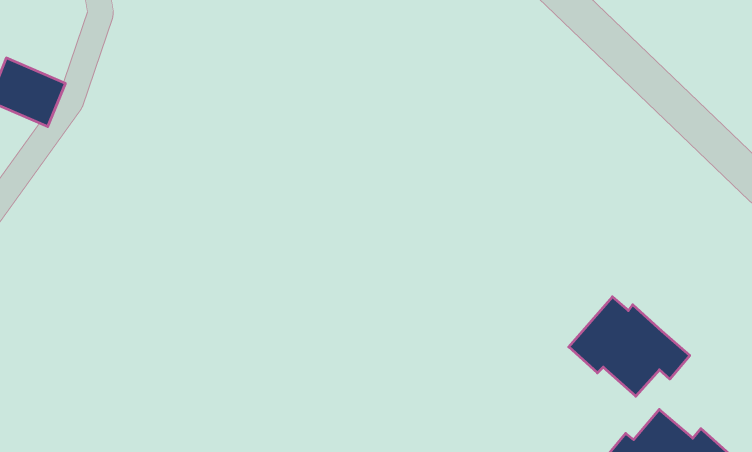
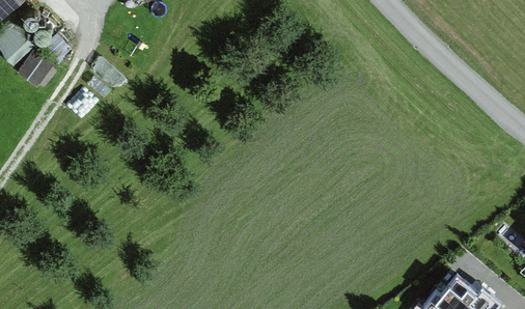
building: [569,297,690,396] -> none

